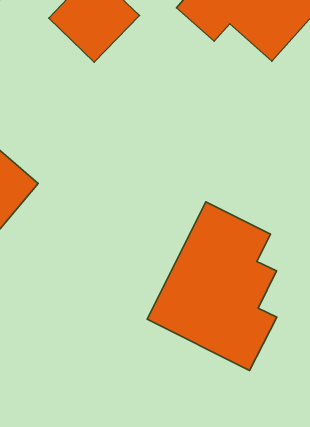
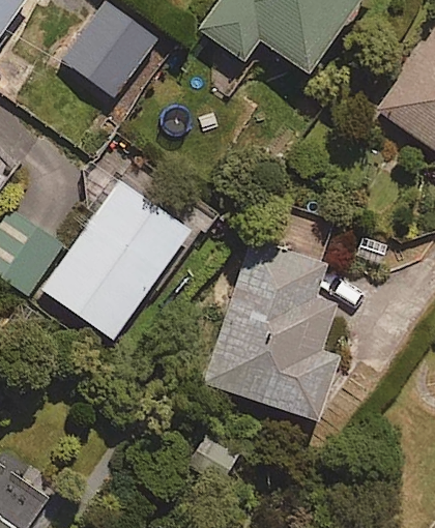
building: none -> [39,179,192,340]

